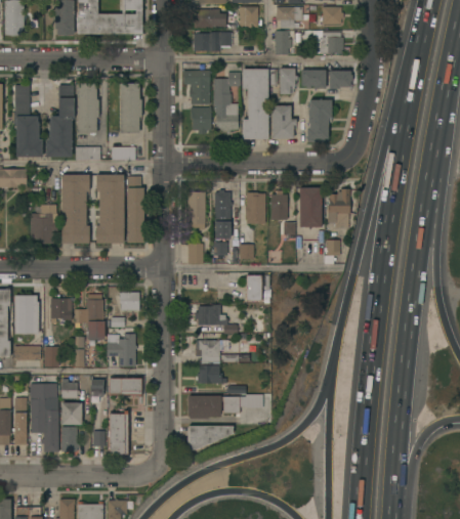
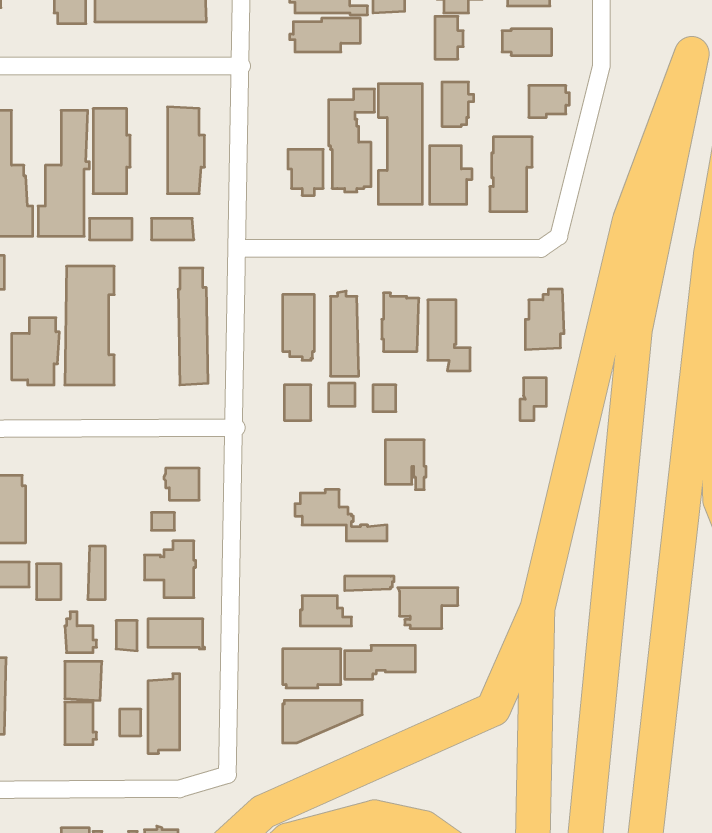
building: [300,70,326,89] -> none
building: [182,71,209,105] -> none
building: [95,175,123,244] -> none
building: [299,187,321,227] -> none
building: [75,295,104,340] -> none
building: [49,299,71,326] -> none
building: [194,340,228,363] -> [398,588,458,628]
building: [29,384,58,452] -> none

